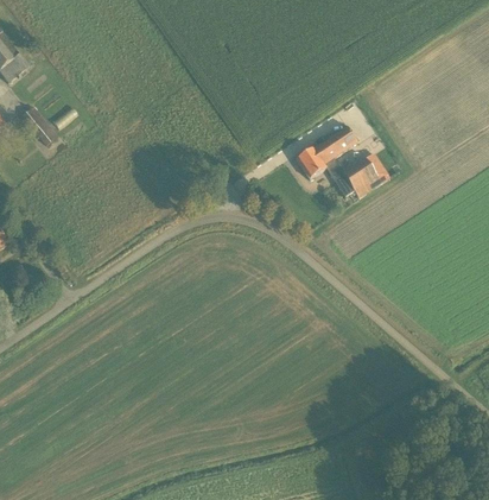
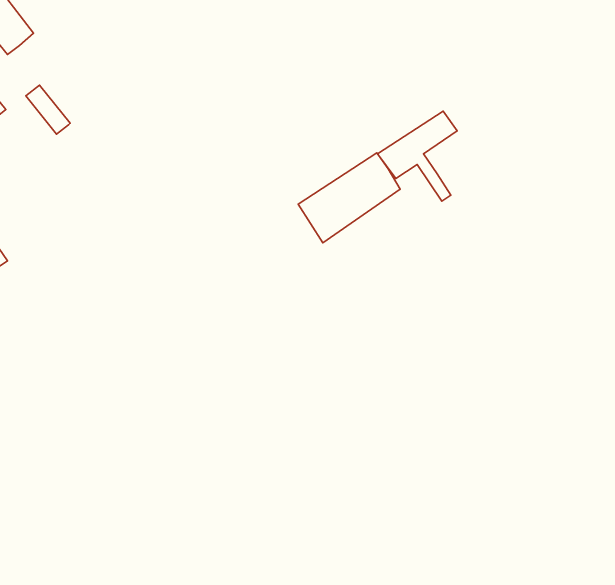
building: [342,158,381,196] -> none
building: none -> [298,153,400,243]

